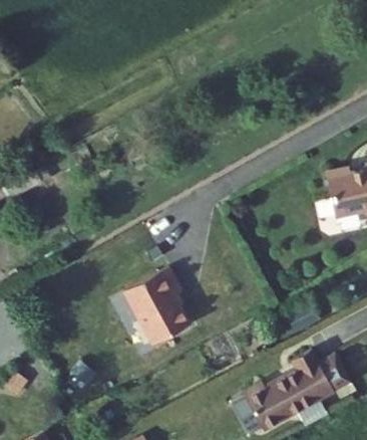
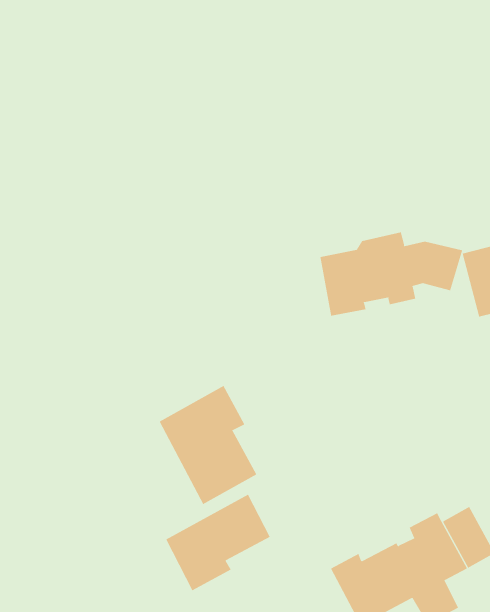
building: none -> [320,232,463,317]
building: none -> [165,494,271,591]

